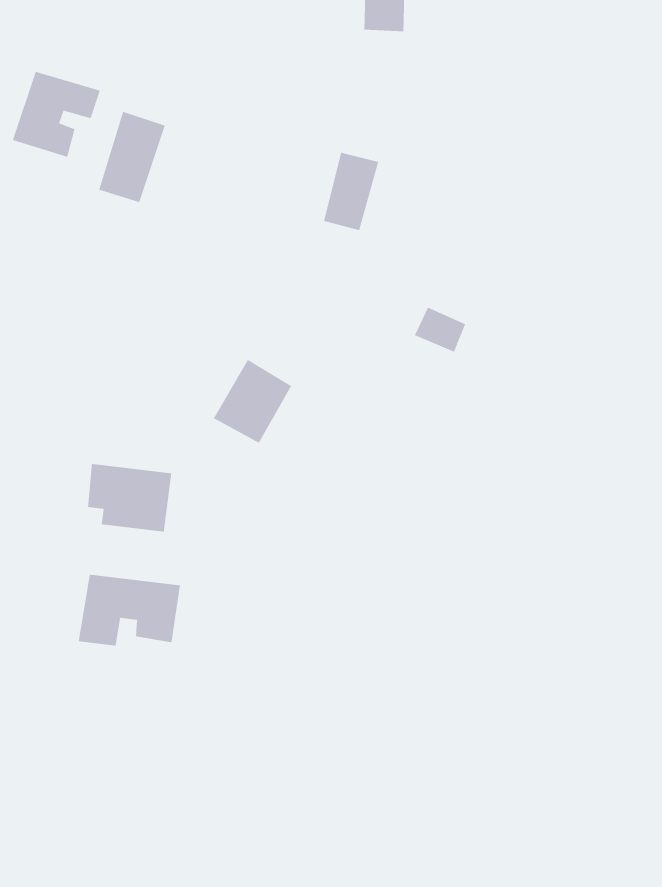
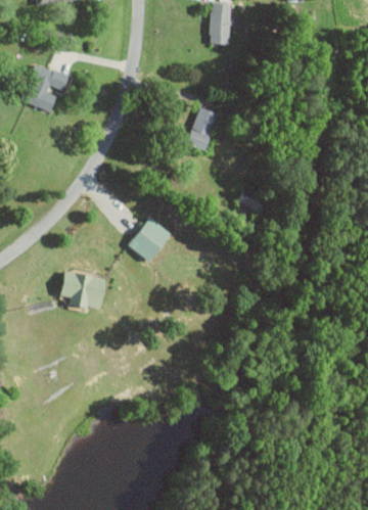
building: [98,111,166,203] -> none
building: [78,574,181,647] -> none

